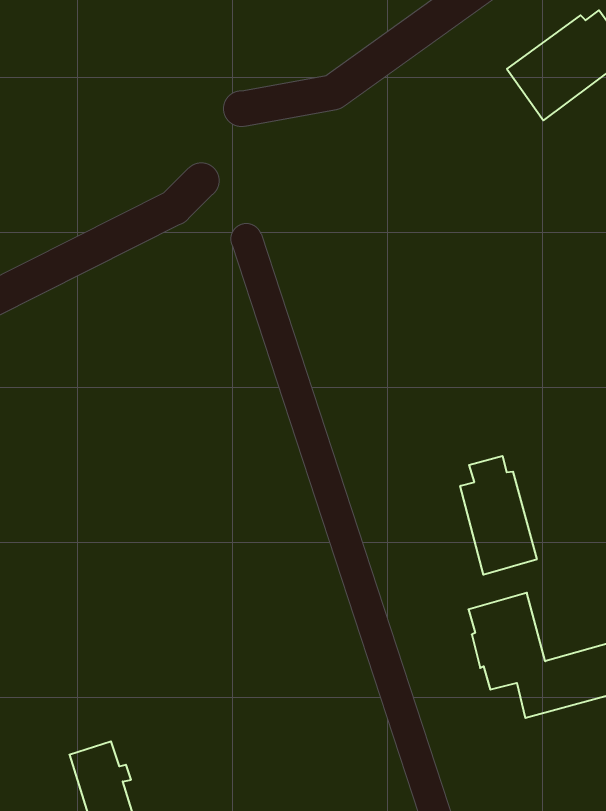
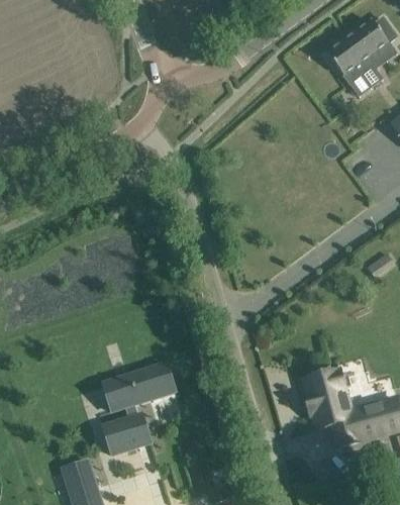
building: [460,456,537,575] -> none
building: none -> [104,363,177,454]

